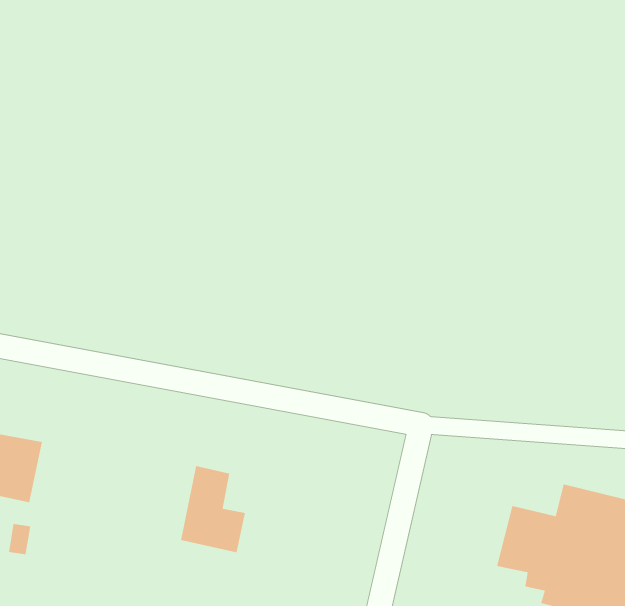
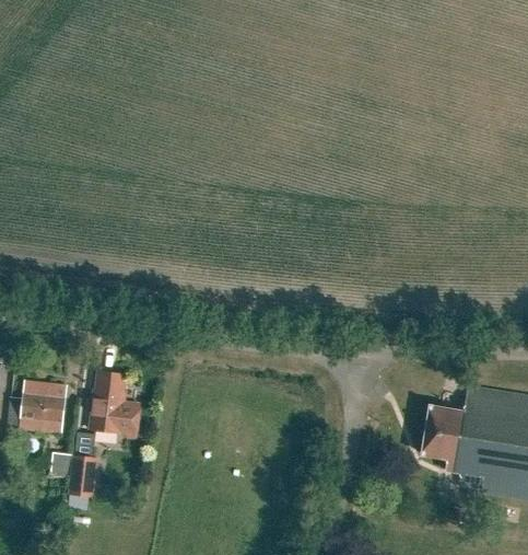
building: [180,465,246,553] -> [91,370,140,436]
building: none -> [68,454,95,496]

